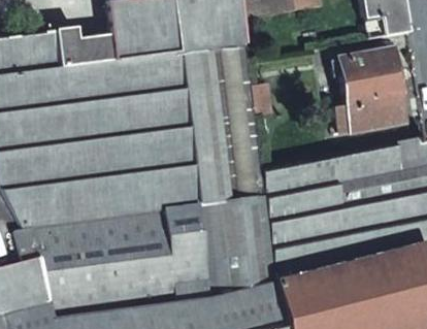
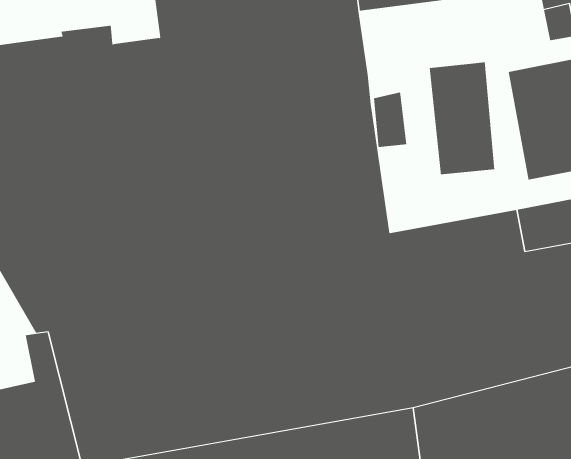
building: none -> [429,61,495,175]

